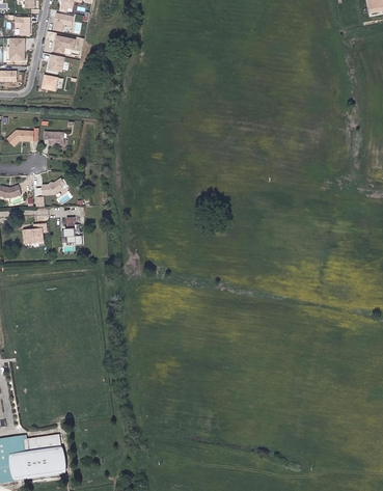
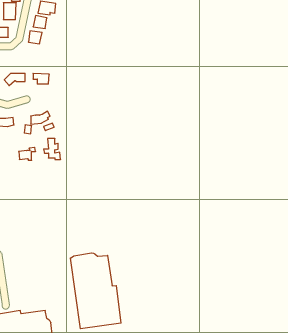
building: none -> [70,253,121,329]

